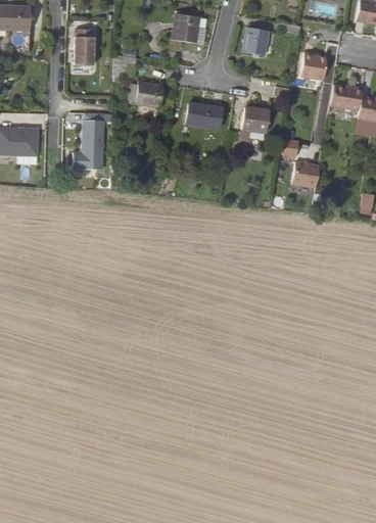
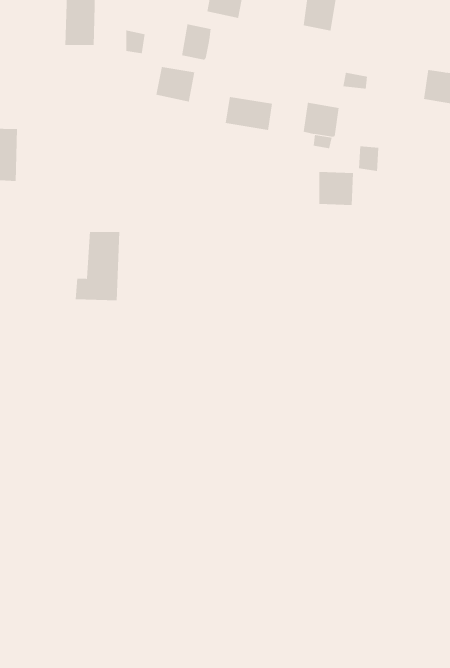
building: none -> [181,24,211,60]
building: [297,53,326,81] -> none
building: [72,117,104,168] -> [75,231,120,301]
building: [292,162,318,187] -> [318,171,354,205]

